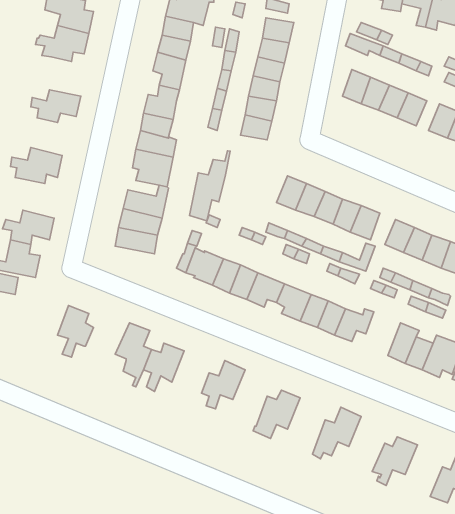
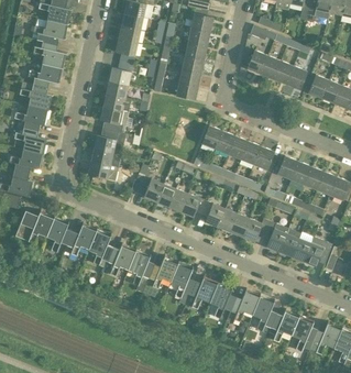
building: none -> [33,41,67,68]
building: none -> [20,81,54,110]
building: [189,151,230,221] -> none
building: none -> [14,125,48,154]
building: none -> [15,209,55,243]
building: none -> [264,220,288,251]
building: none -> [64,222,98,255]
building: none -> [128,248,154,292]
building: none -> [171,261,195,300]
building: none -> [209,281,235,320]
building: none -> [252,294,277,332]
building: none -> [292,314,318,351]

